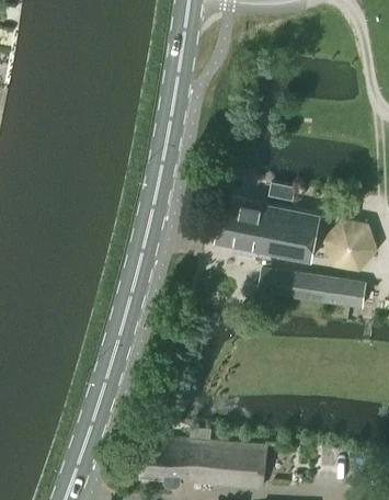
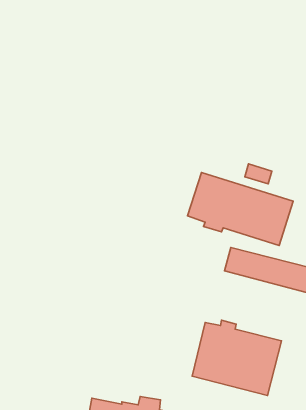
building: none -> [192,320,281,396]

